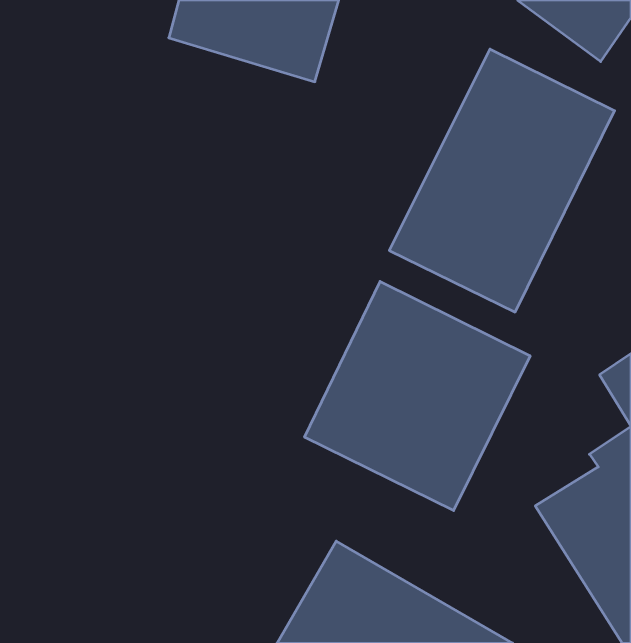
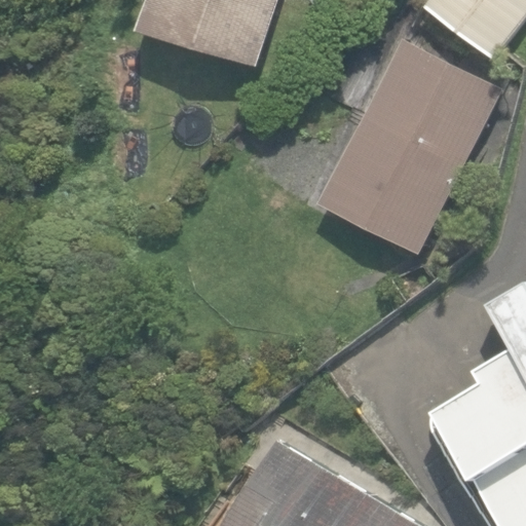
building: [305,281,530,511] -> none

